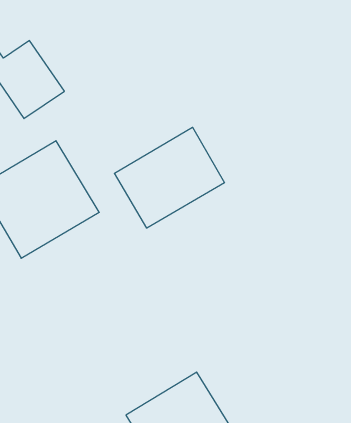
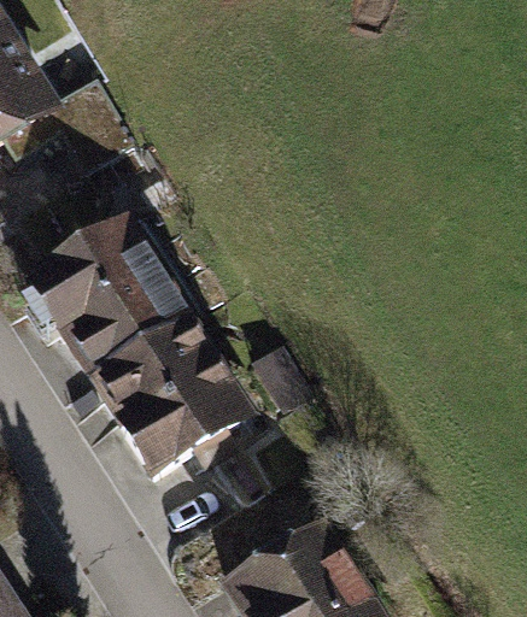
building: [114,127,224,228] -> none
building: none -> [82,306,245,469]

